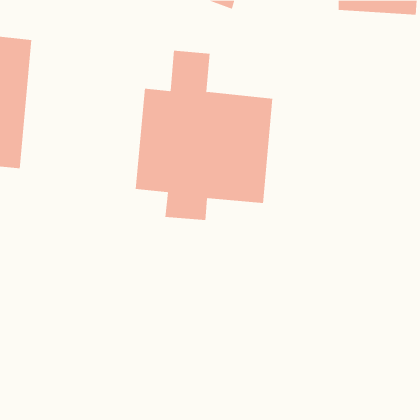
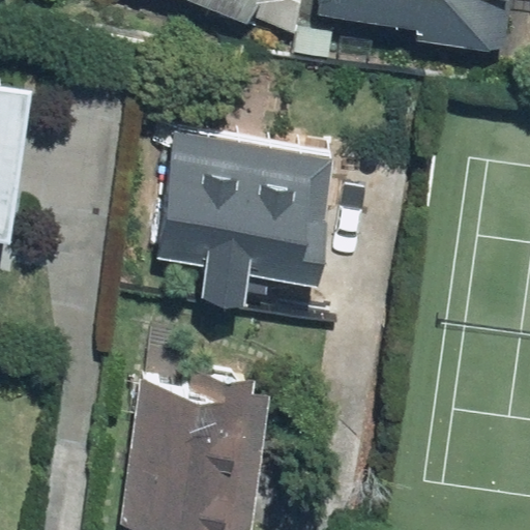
building: none -> [118,370,265,524]

